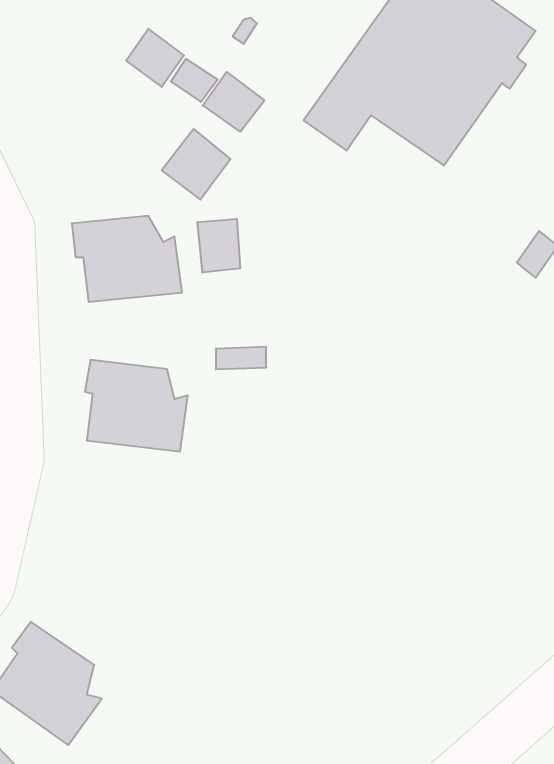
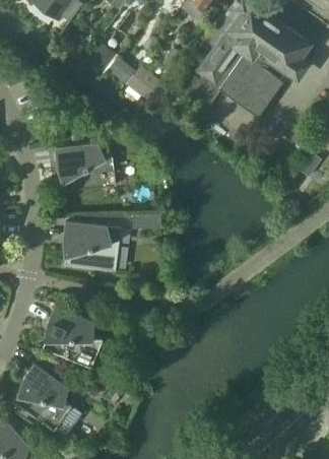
building: [162,129,230,200] -> none
building: [197,219,240,273] -> none
building: none -> [42,306,101,367]

